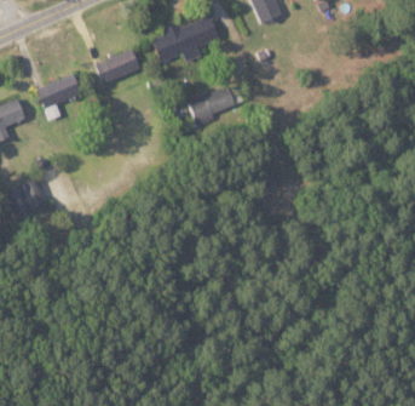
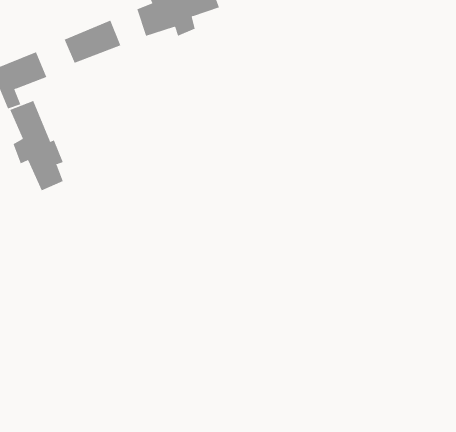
building: [188,85,237,124] -> none
building: none -> [10,100,64,191]

